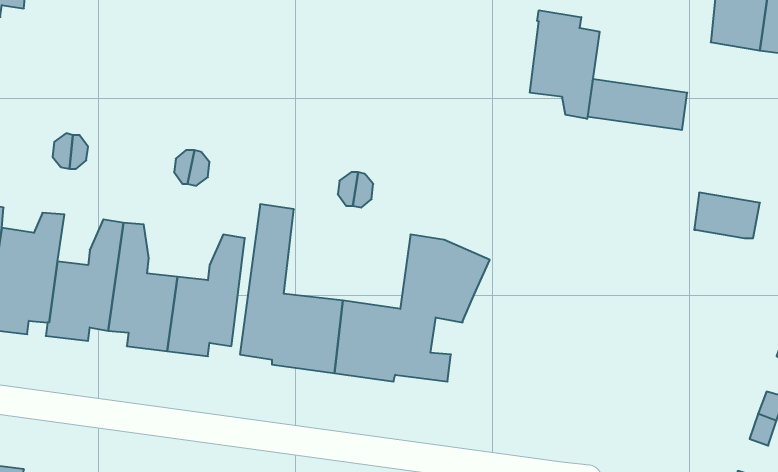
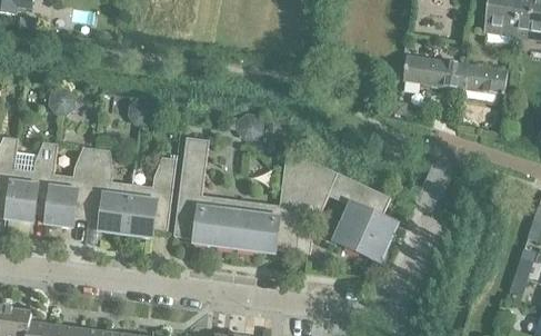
building: [530,10,600,119] -> none
building: [694,193,760,238] -> [463,63,507,93]
building: none -> [327,174,395,261]

